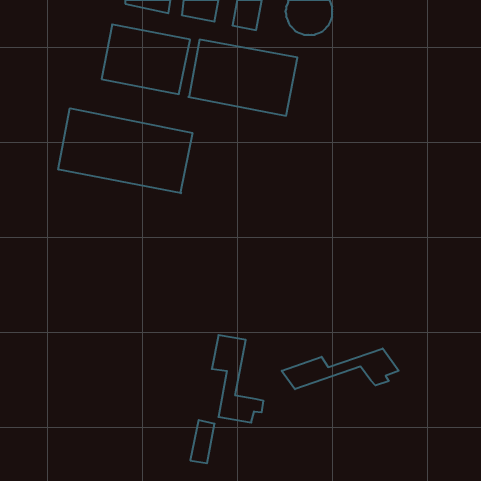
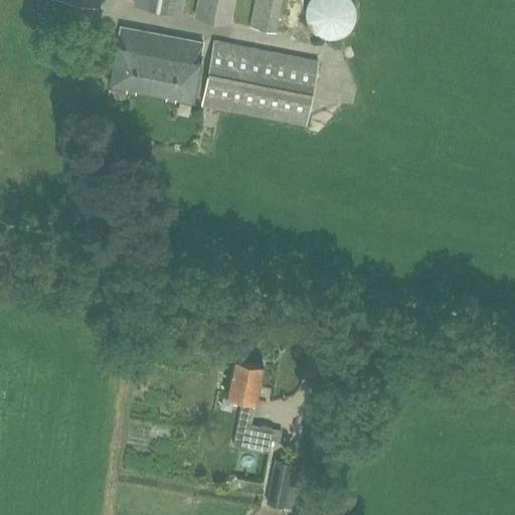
building: [58,108,192,193] -> none
building: [282,348,399,389] -> none
building: [190,420,215,463] -> [267,459,293,505]

